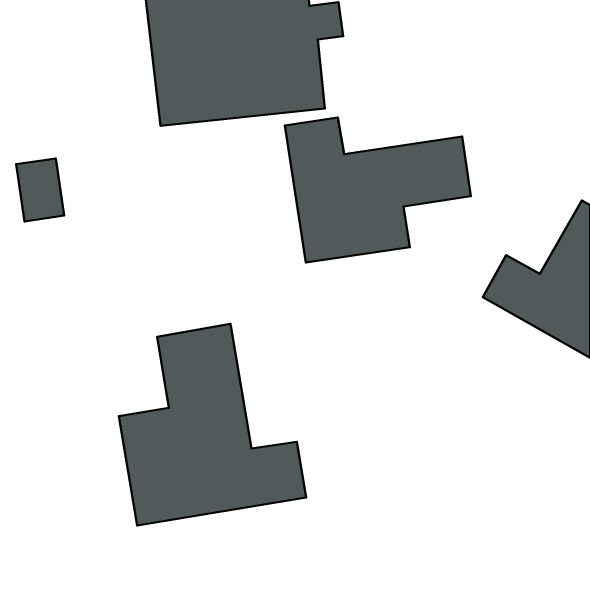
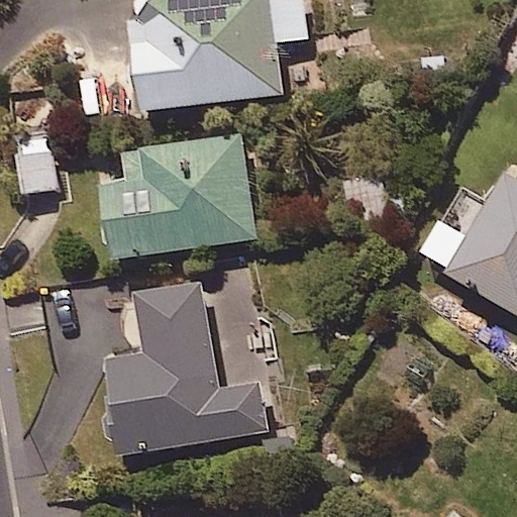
building: [285,117,471,262] -> none
building: none -> [101,132,255,258]

